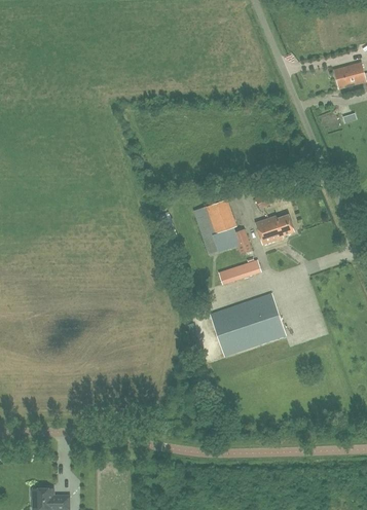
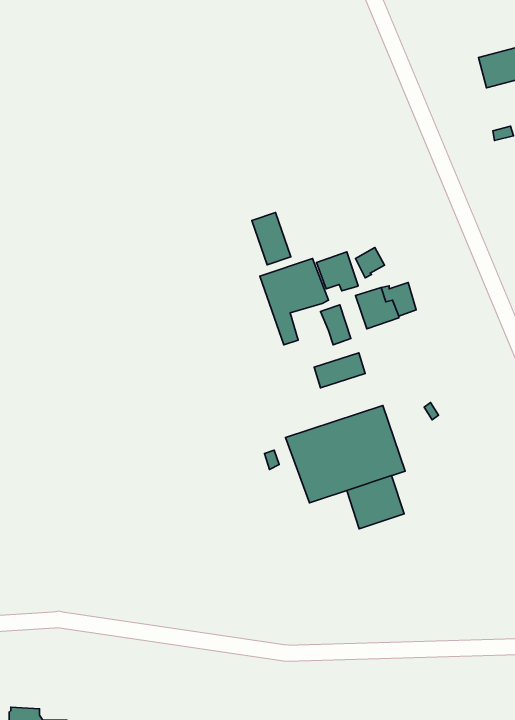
building: none -> [252,212,291,265]
building: none -> [317,252,358,291]
building: none -> [347,475,404,529]

